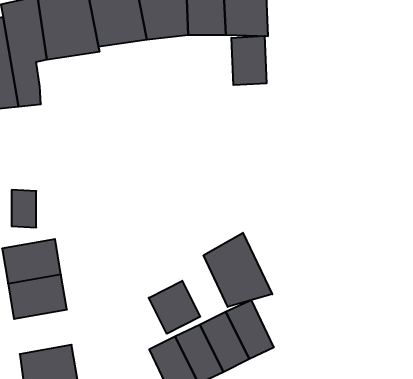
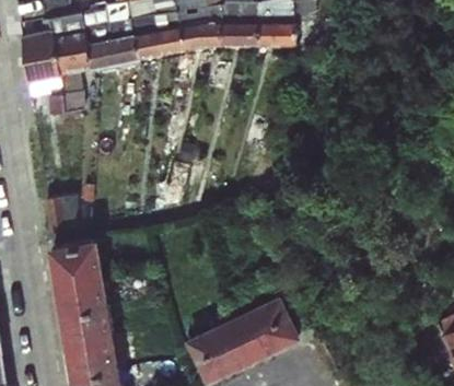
building: [231,36,266,85] -> none
building: [204,233,272,307] -> none
building: [149,281,200,334] -> none
building: none -> [58,304,112,346]

